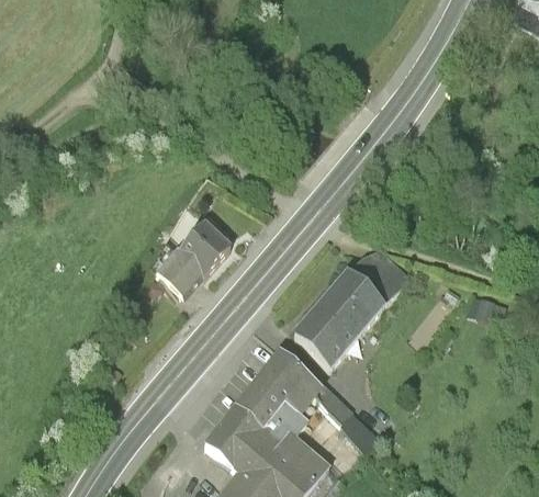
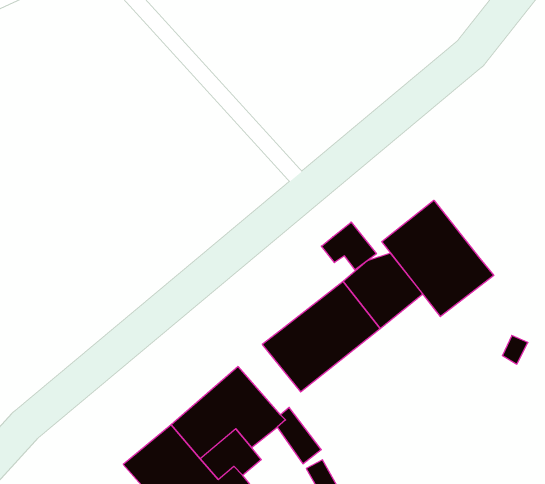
building: none -> [382,200,494,317]
building: [155,233,227,302] -> none
building: none -> [321,222,376,270]

